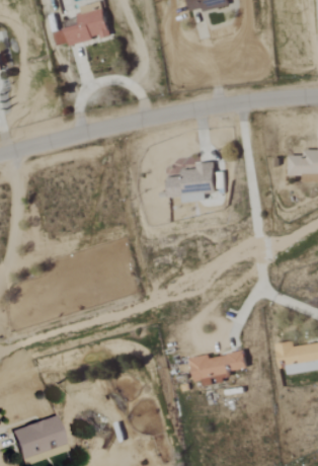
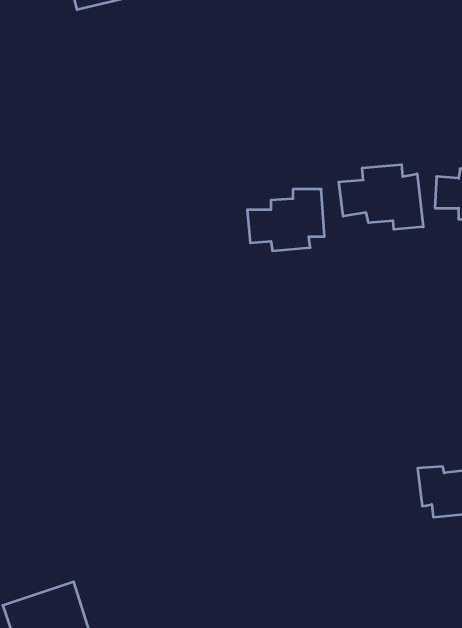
building: none -> [339,165,423,229]
building: [193,349,249,387] -> none

